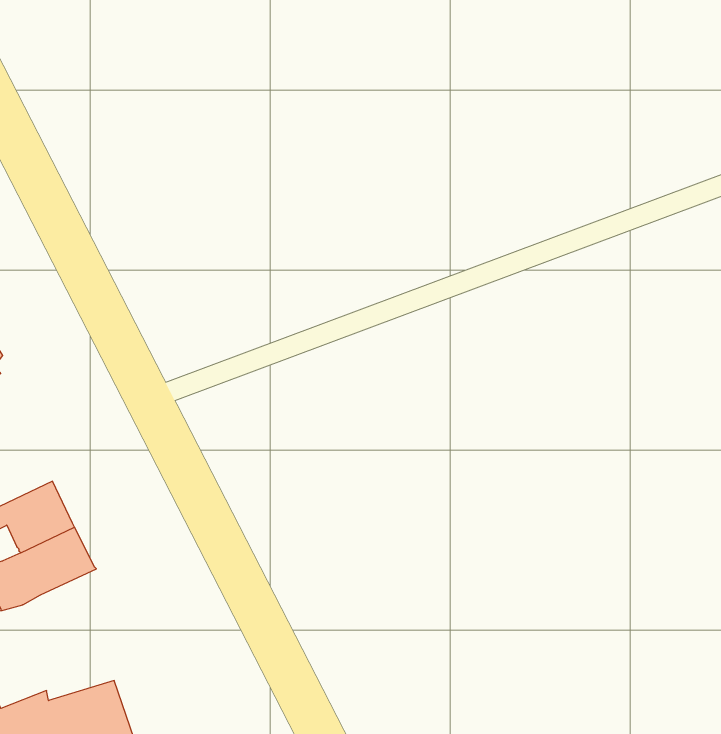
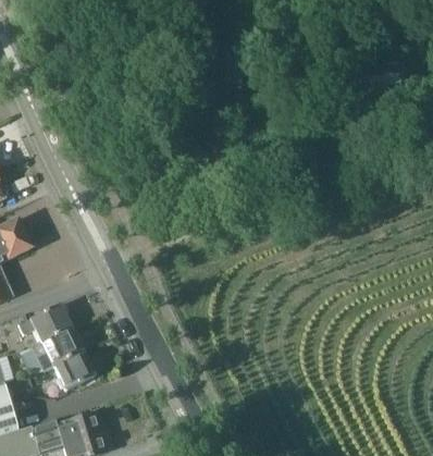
building: none -> [53,353,95,391]

